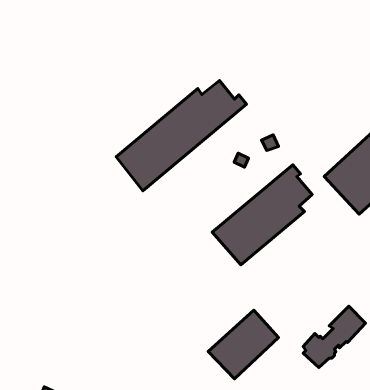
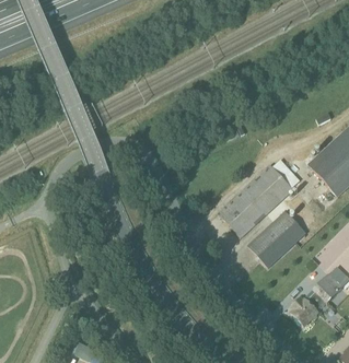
building: [116,81,246,191] -> none
building: [208,310,279,379] -> [247,210,306,268]

